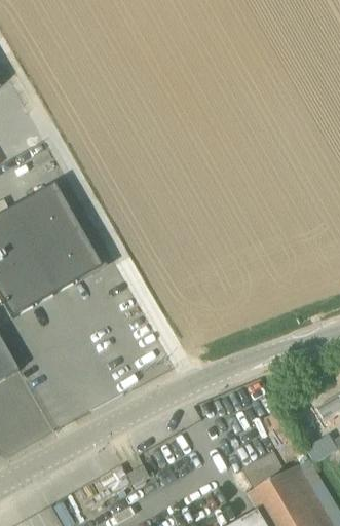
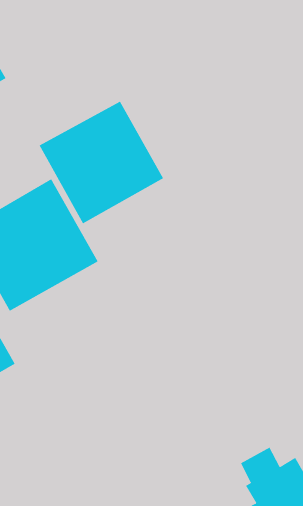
building: none -> [39,101,164,224]

